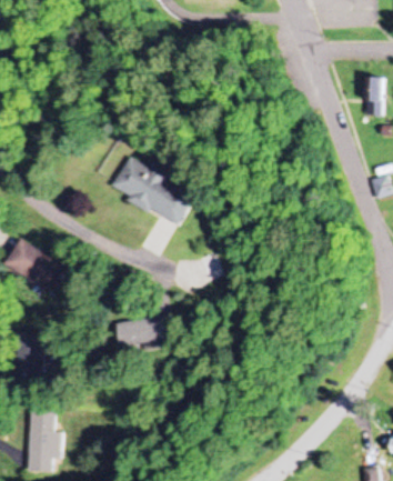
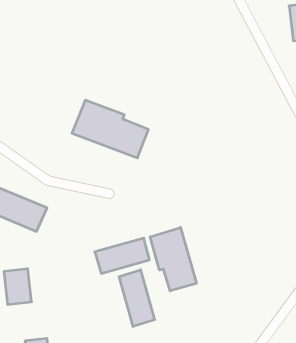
building: none -> [150,227,196,291]
building: none -> [119,270,155,327]

